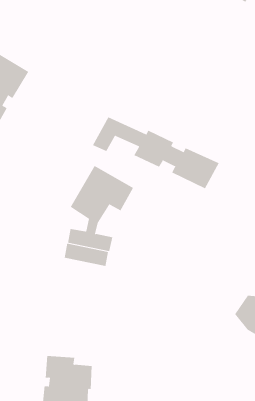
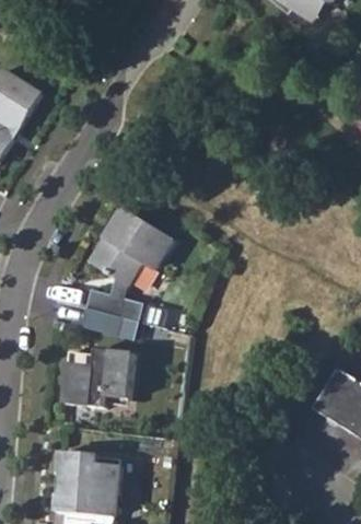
building: [92,116,219,189] -> none
building: none -> [70,350,136,408]

